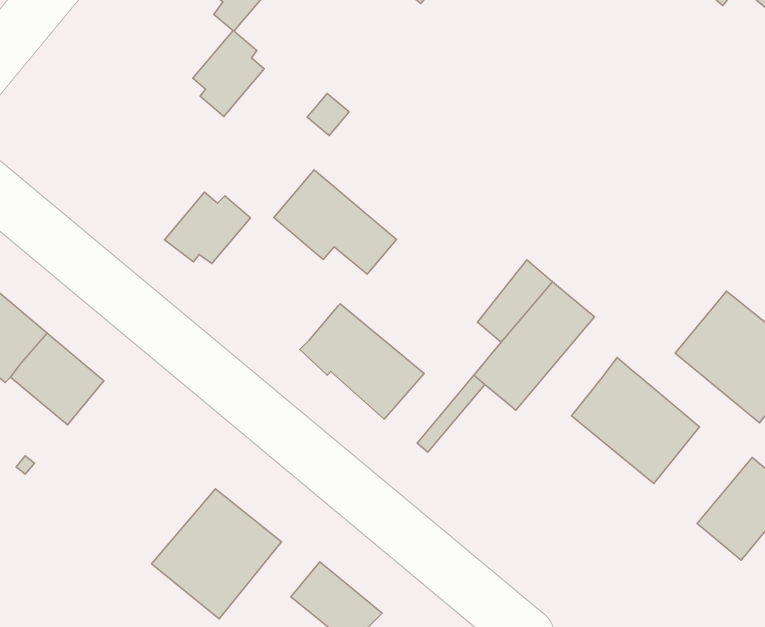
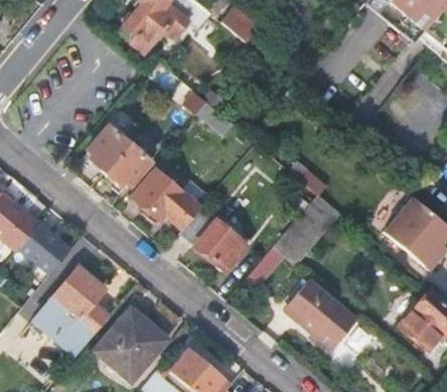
building: [193,30,264,116] -> [88,123,127,170]
building: [274,170,397,274] -> [133,168,200,226]
building: [572,357,700,484] -> [287,276,357,346]
building: none -> [35,266,109,354]

